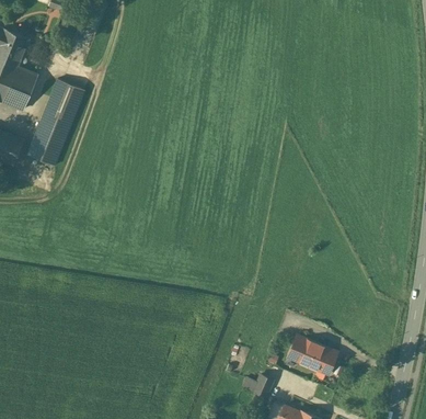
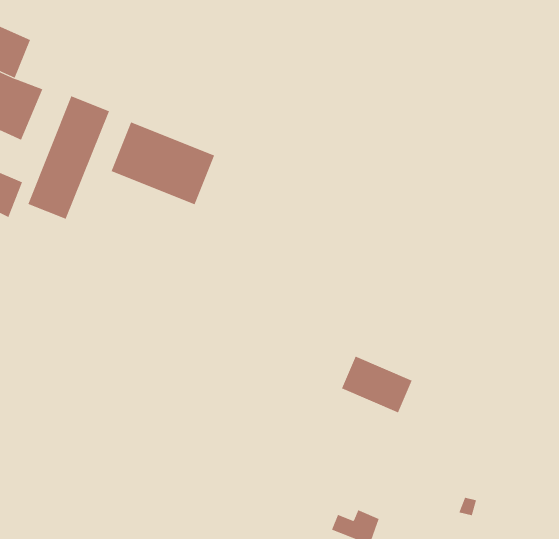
building: none -> [111,121,215,205]
building: [286,335,336,375] -> [341,356,412,413]

